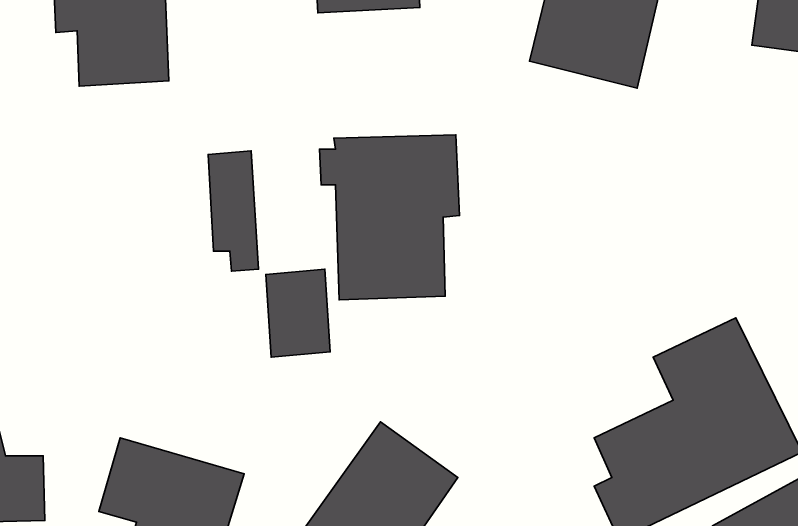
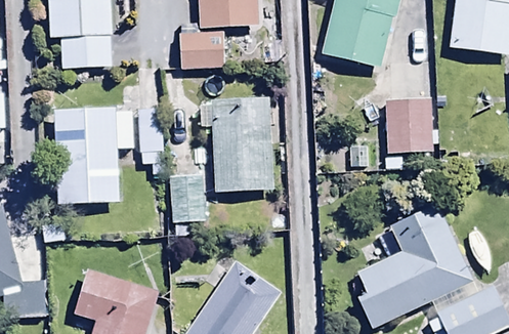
building: none -> [177,32,226,71]
building: none -> [384,97,435,154]
building: none -> [55,106,135,207]

